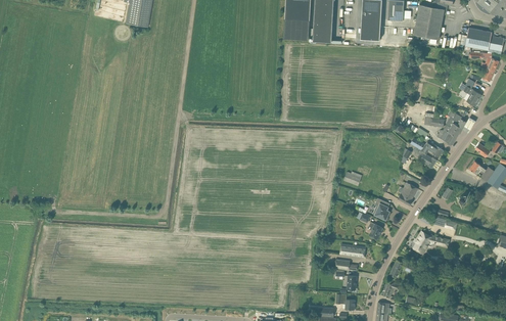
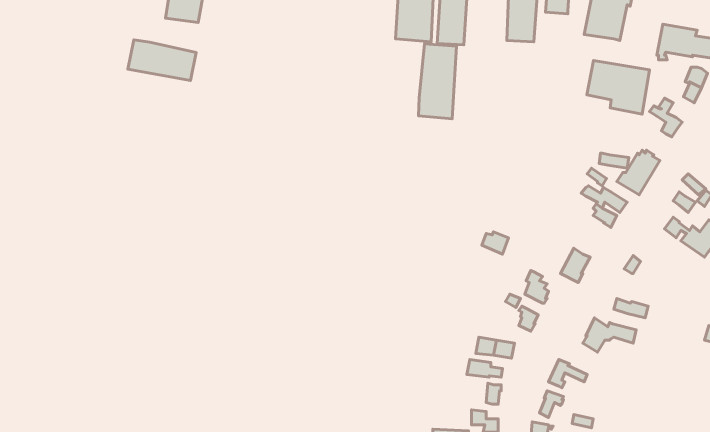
building: none -> [128,40,196,80]
building: none -> [419,44,457,119]
building: none -> [587,61,649,114]

